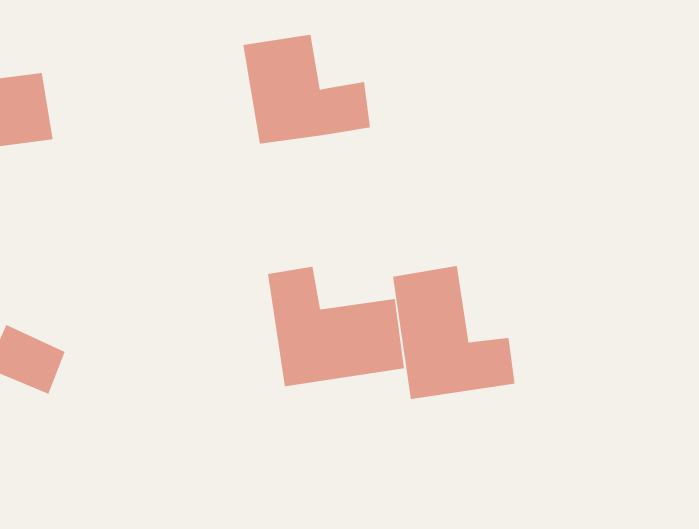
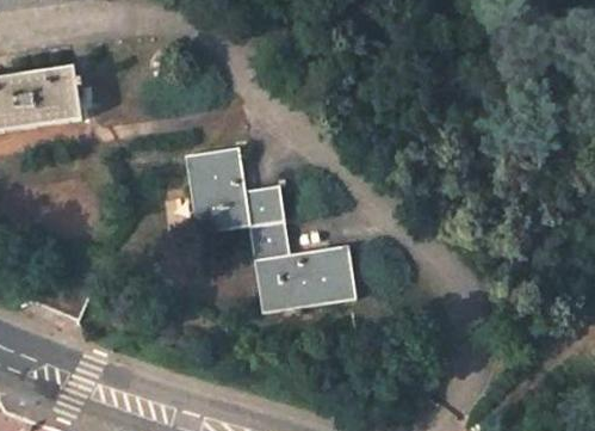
building: [242,34,371,144] -> [184,147,284,233]
building: [392,265,515,400] -> none

